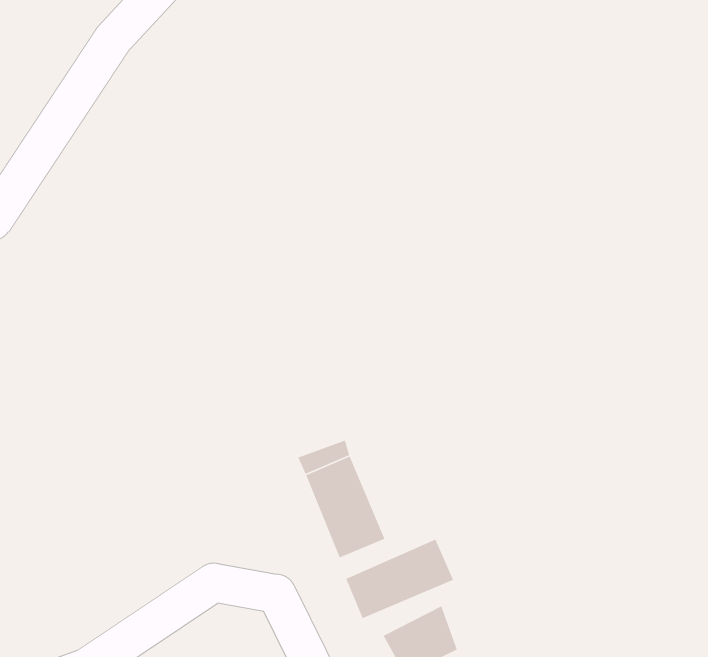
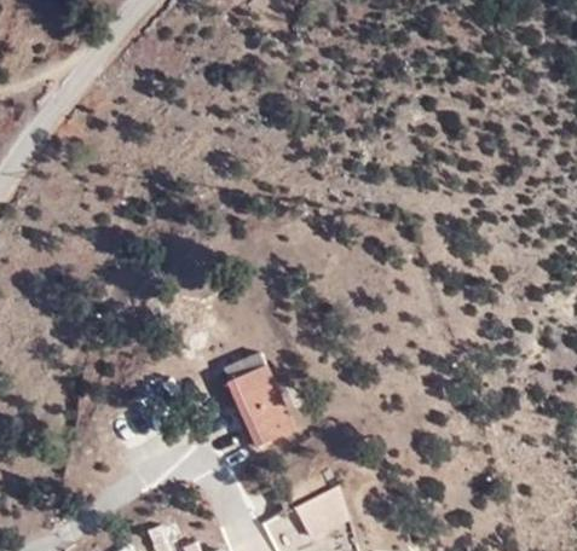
building: [345,539,454,619] -> none

